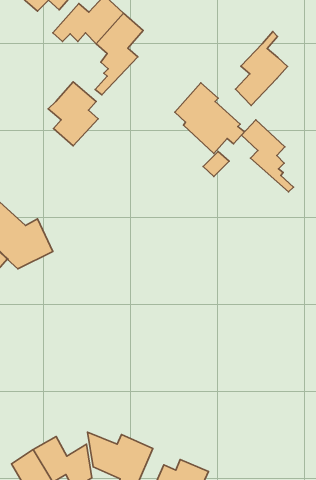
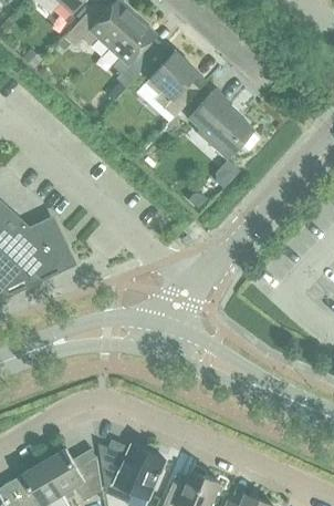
building: [235,32,287,106] -> none
building: [48,82,98,146] -> [147,52,198,117]
building: [241,120,293,192] -> none

